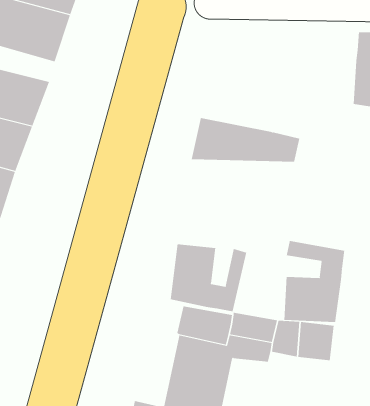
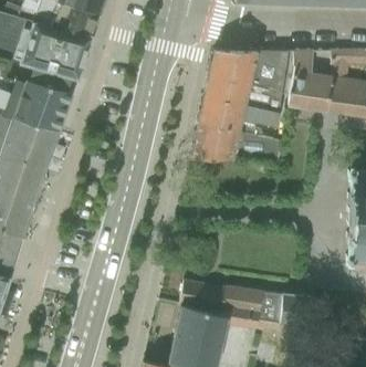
building: none -> [199,50,291,135]
building: none -> [290,51,333,112]
building: [284,240,345,323] -> none
building: [170,244,247,312] -> none

